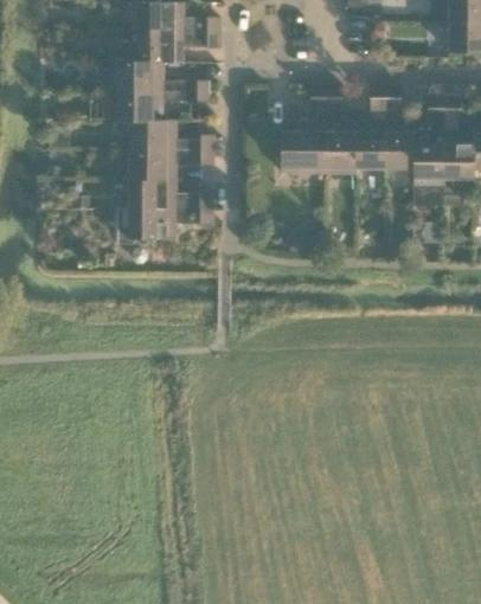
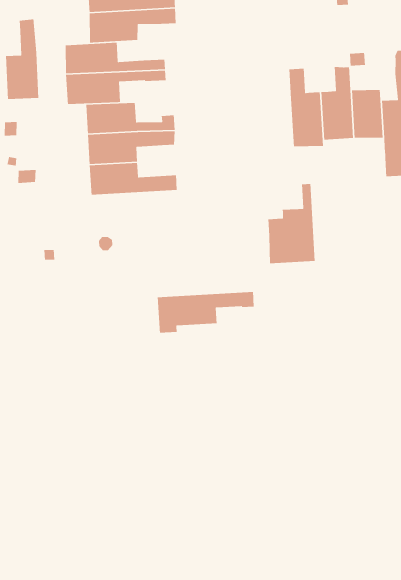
building: none -> [5,18,39,100]
building: [282,98,327,174] -> [268,183,316,264]
building: [120,210,213,245] -> [157,291,255,333]

